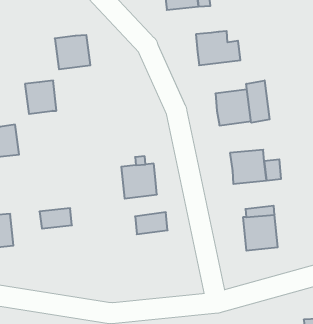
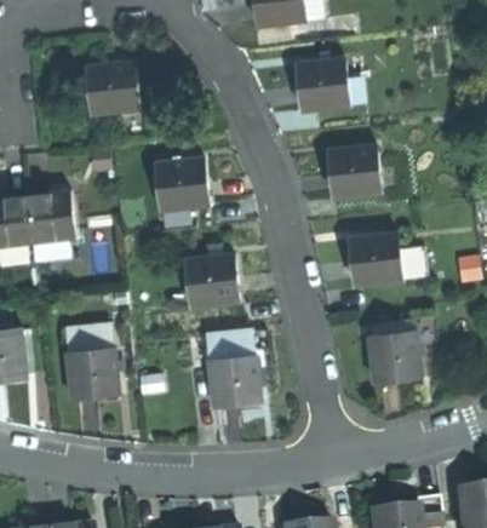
building: [246,80,270,123] -> none
building: [25,81,56,114] -> [27,191,74,241]
building: none -> [155,159,208,210]
building: none -> [67,346,118,401]
building: none -> [208,354,260,407]

